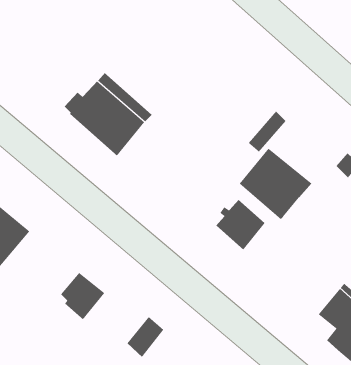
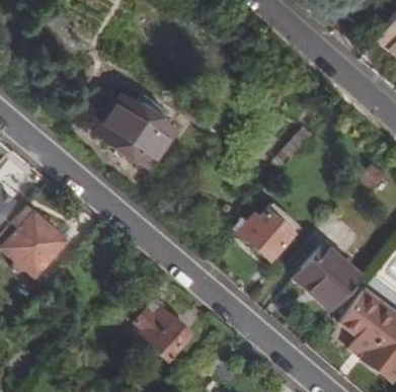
building: [239,148,312,220] -> [294,240,365,310]
building: [60,272,105,320] -> [134,303,177,349]

